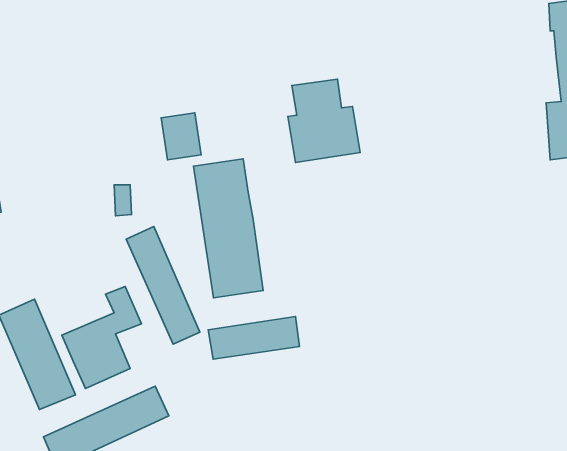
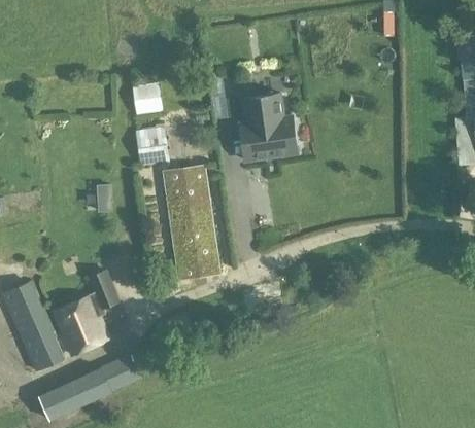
building: none -> [133,85,161,114]
building: [126,227,200,344] -> none
building: [208,317,299,359] -> none

